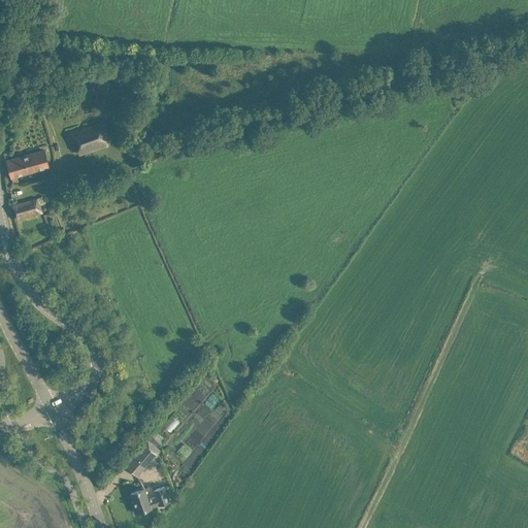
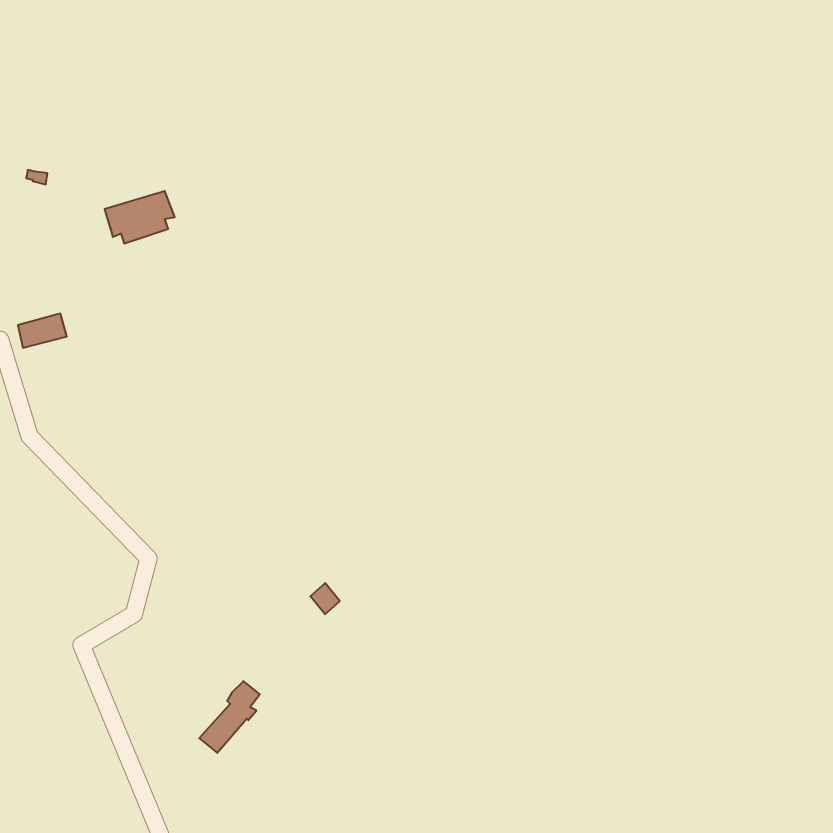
building: [7,151,50,184] -> none
building: [132,488,170,514] -> none

